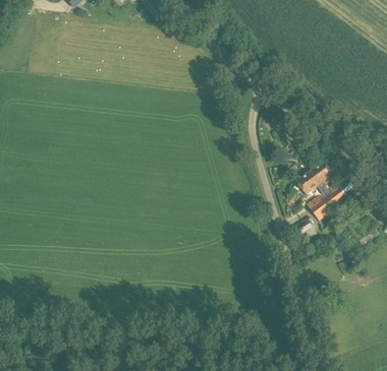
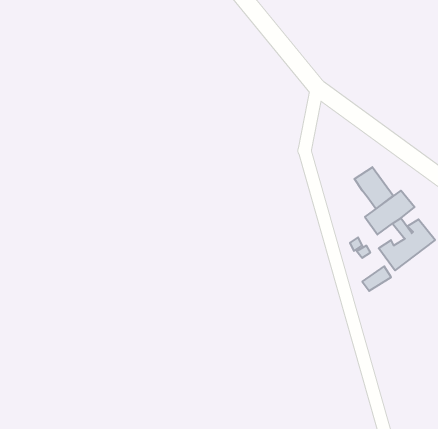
building: none -> [354,167,393,209]

